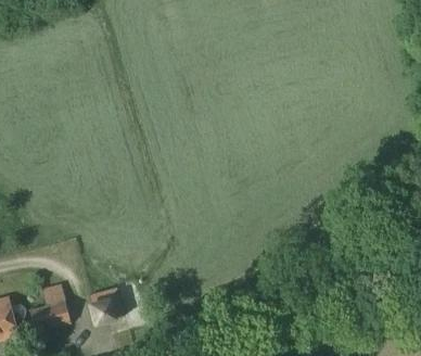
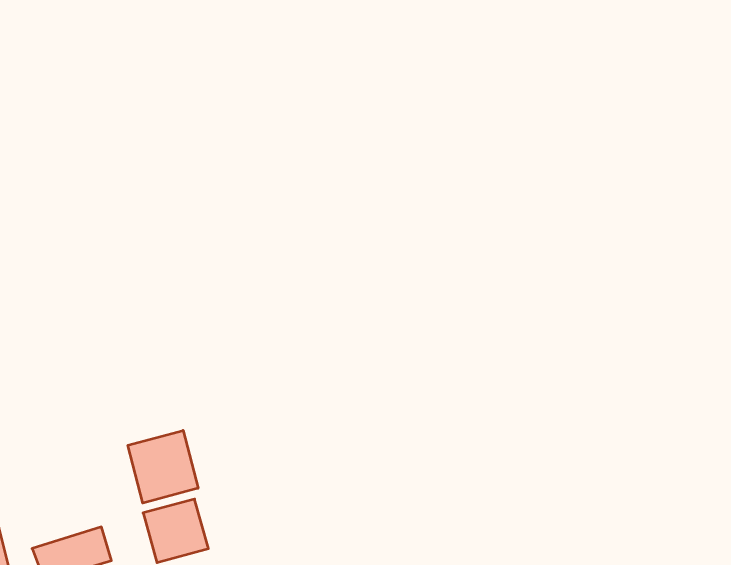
building: none -> [128,430,198,503]

